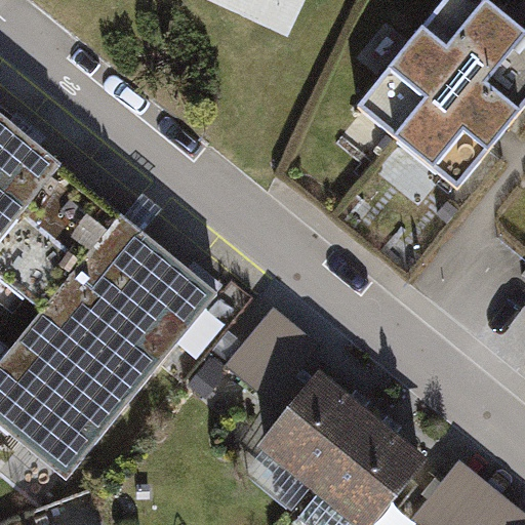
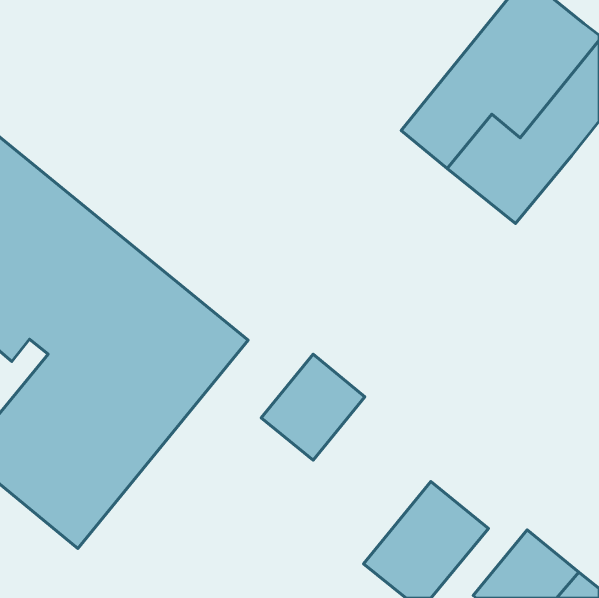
building: [258,372,375,491] -> none

